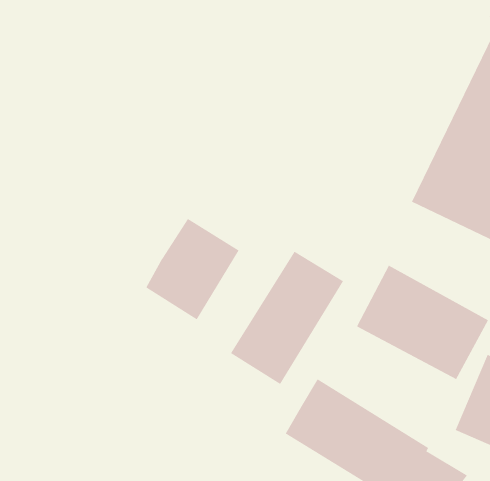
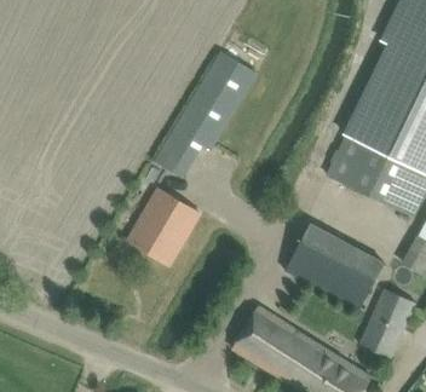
building: none -> [157,52,255,175]
building: [230,251,344,385] -> none

